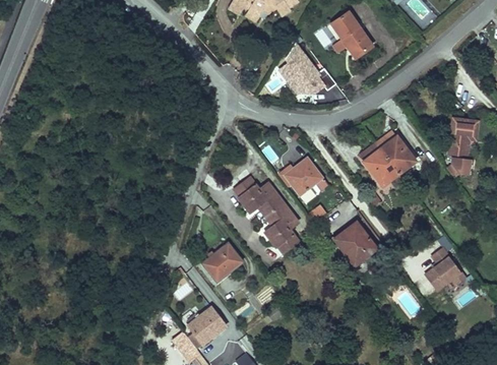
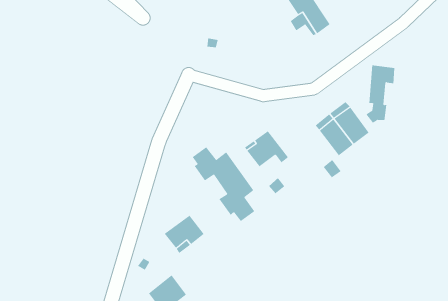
building: [279,45,336,97] -> none
building: [444,115,475,175] -> [365,65,395,123]
building: [334,223,376,264] -> none
building: [427,249,468,292] -> none

